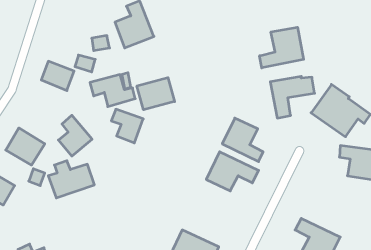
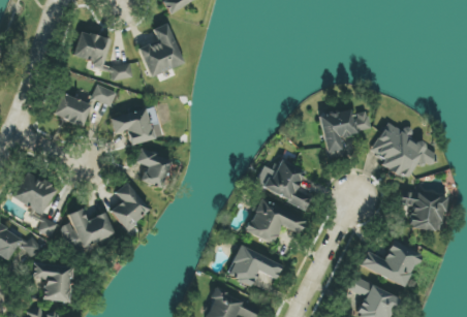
building: none -> [72,31,111,65]
building: [260,27,304,68] -> none
building: [137,78,175,110] -> none
building: [58,115,92,156] -> [111,182,150,229]
building: none -> [361,241,421,287]
building: none -> [226,245,282,286]
building: none -> [32,263,72,302]

